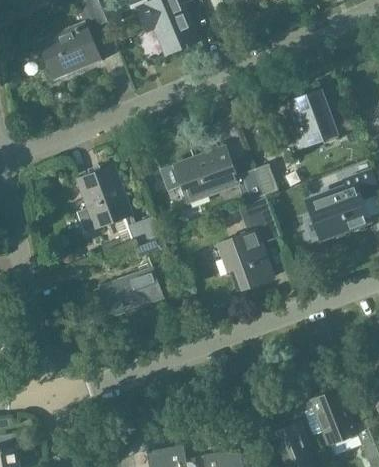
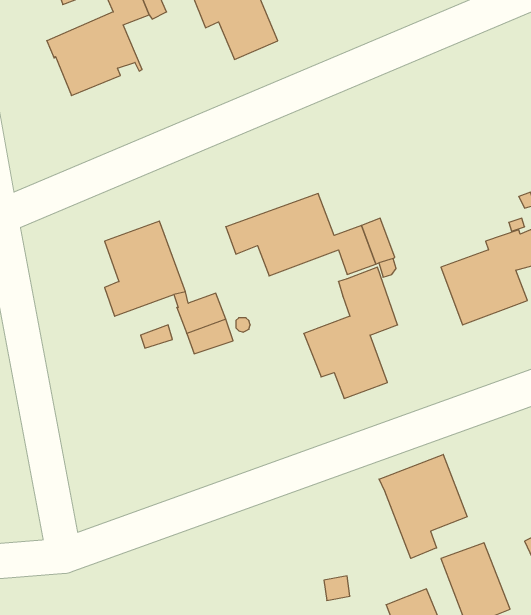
building: [288,90,338,150] -> none
building: [99,268,162,316] -> none
building: none -> [379,454,467,558]

